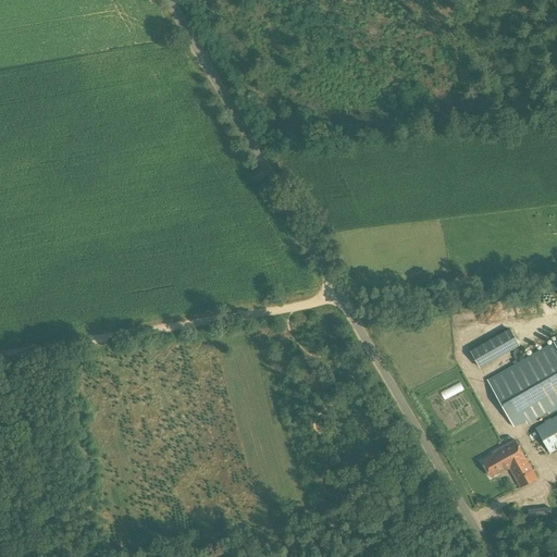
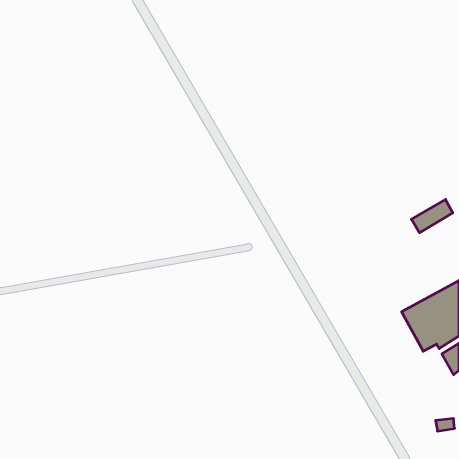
building: [471,330,521,370] -> [411,199,453,233]
building: [482,441,537,488] -> none

